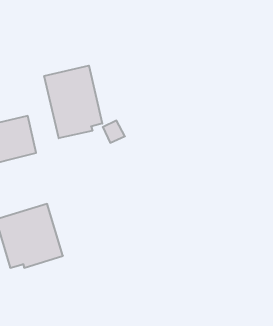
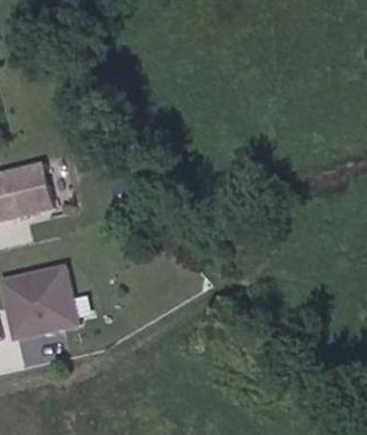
building: [44,66,102,138] -> none

